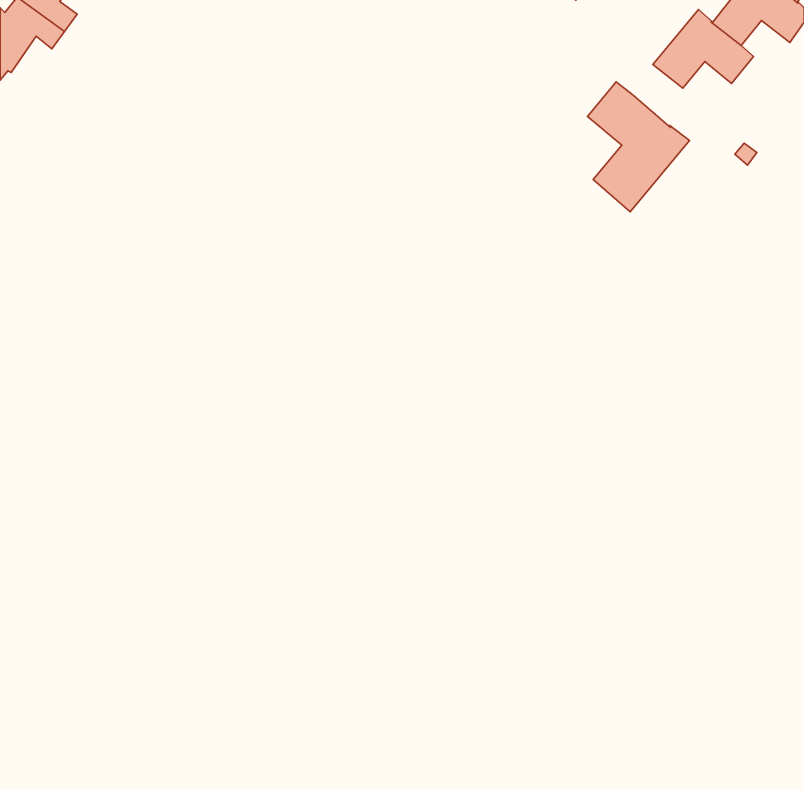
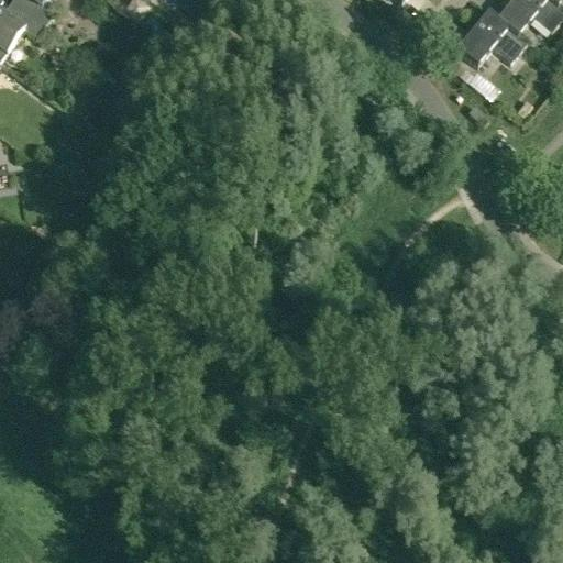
building: [587,82,689,212] -> none

